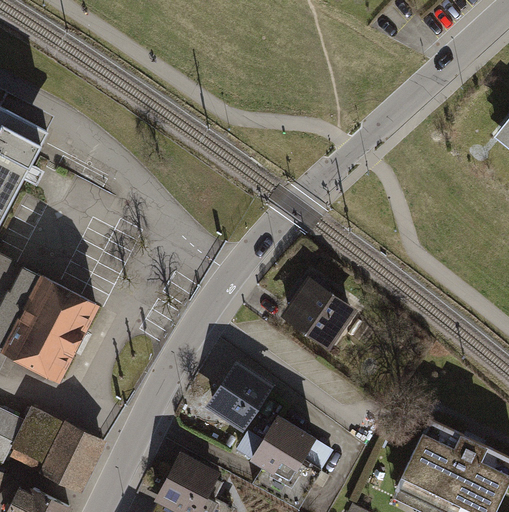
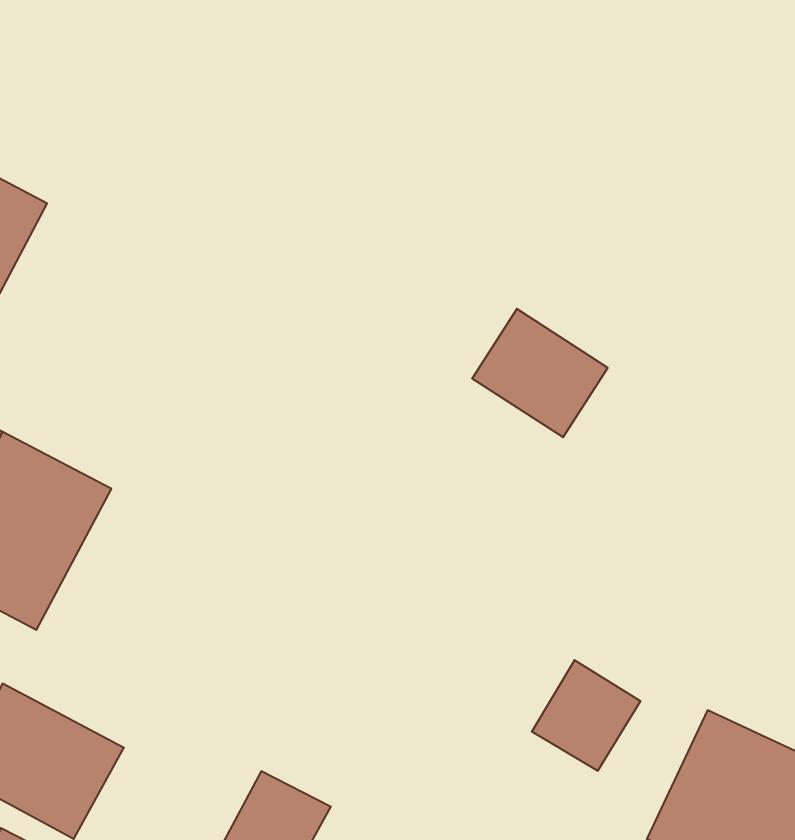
building: [274,278,350,350] -> [472,309,608,437]
building: [207,366,272,432] -> none
building: [253,419,314,481] -> [532,660,641,771]

